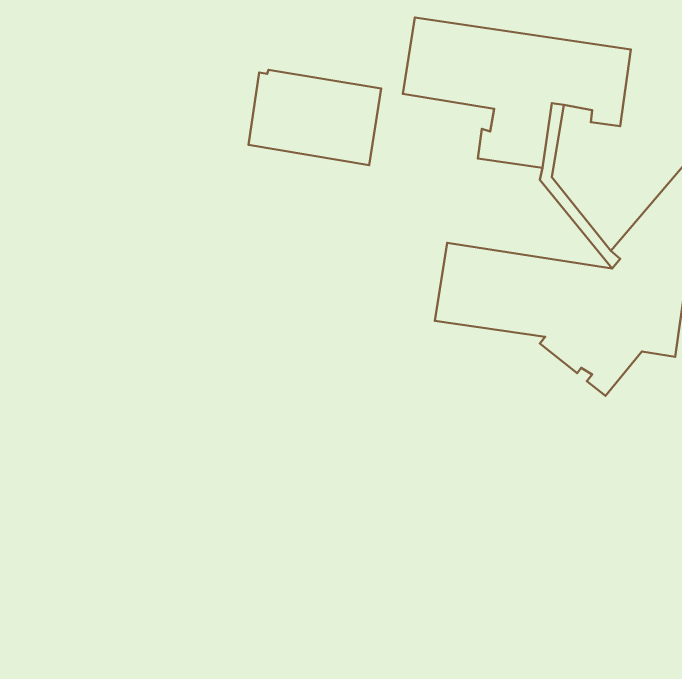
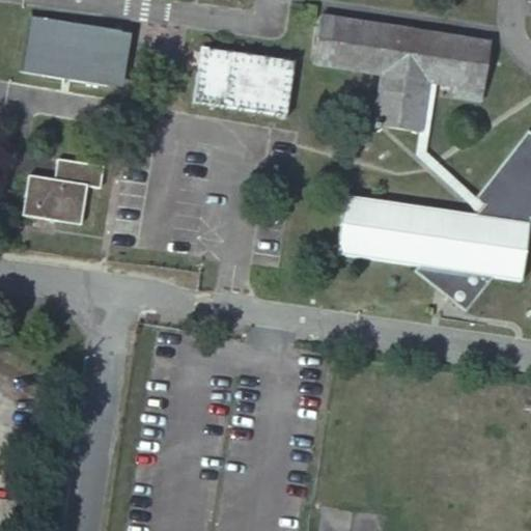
building: none -> [31,26,113,93]
building: none -> [24,153,103,218]

